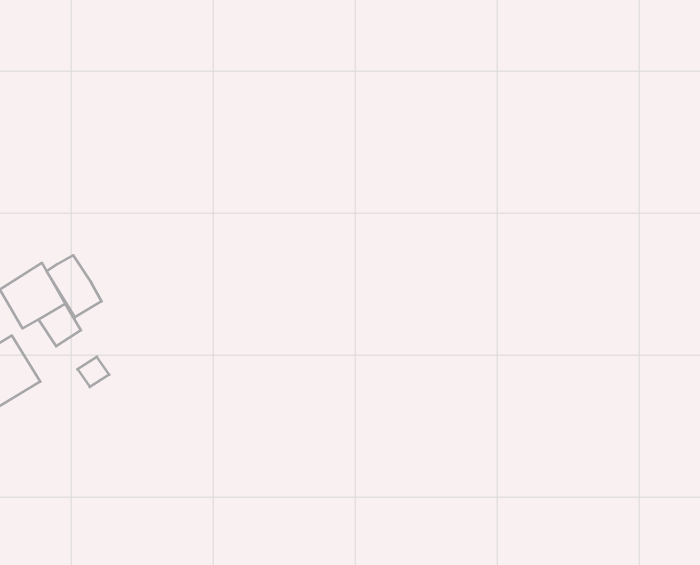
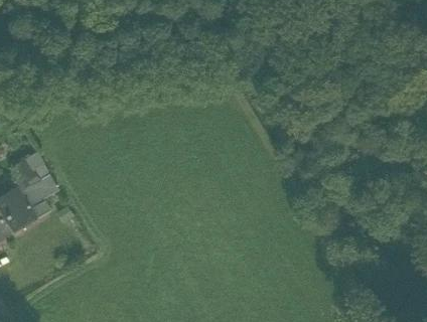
building: [47,255,102,317] -> [16,182,47,217]

